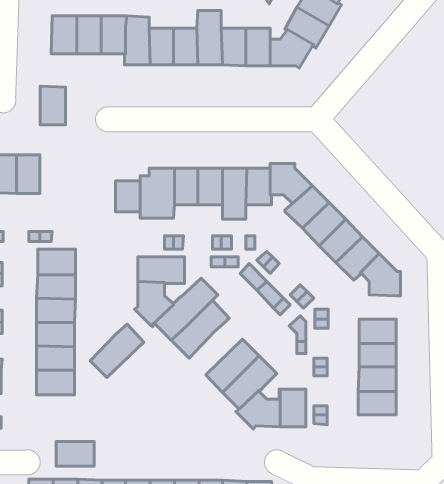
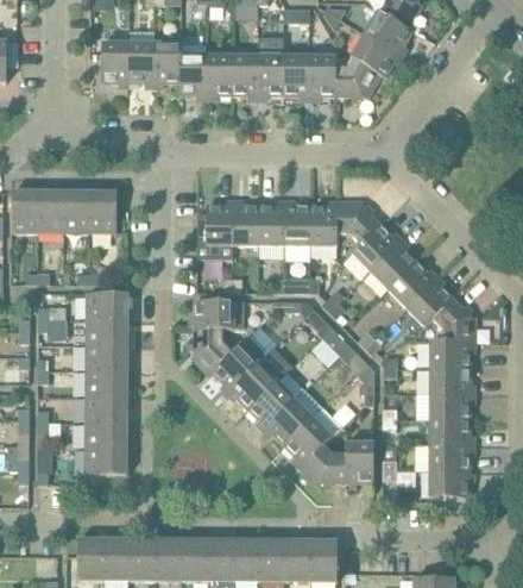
building: [40,86,66,125] -> [89,190,116,232]
building: [116,181,140,212] -> none
building: none -> [430,339,470,367]
building: [90,324,144,378] -> [248,369,305,426]
building: none -> [429,469,470,496]
building: [56,442,94,466] -> [86,448,126,474]

